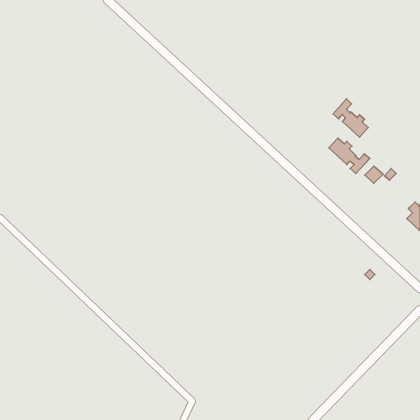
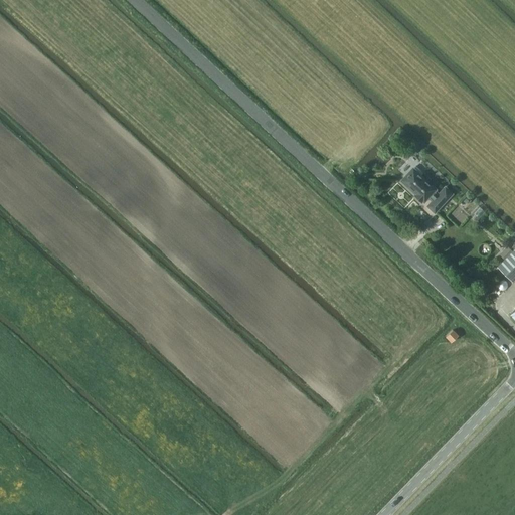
building: [333,99,368,137] -> none

